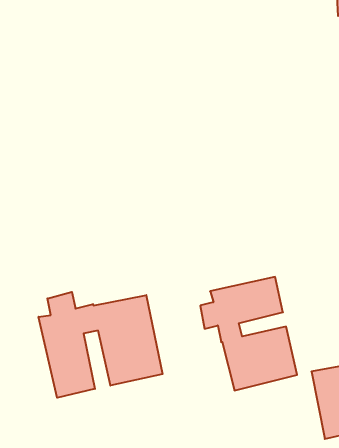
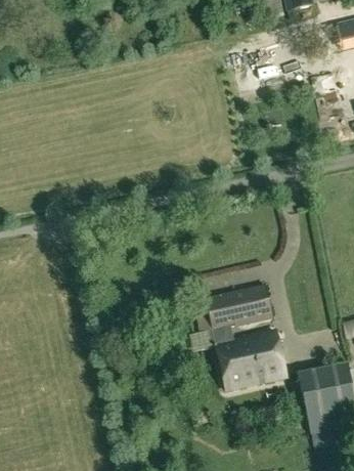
building: [39,292,163,398] -> none

